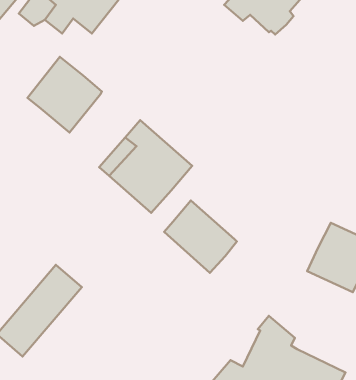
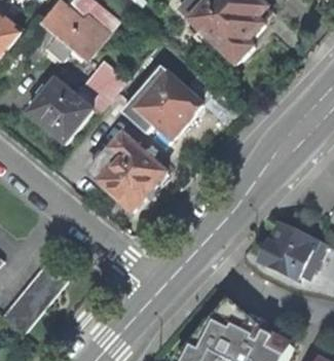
building: none -> [75,61,124,115]
building: none -> [120,68,200,139]
building: [164,201,237,273] -> none

